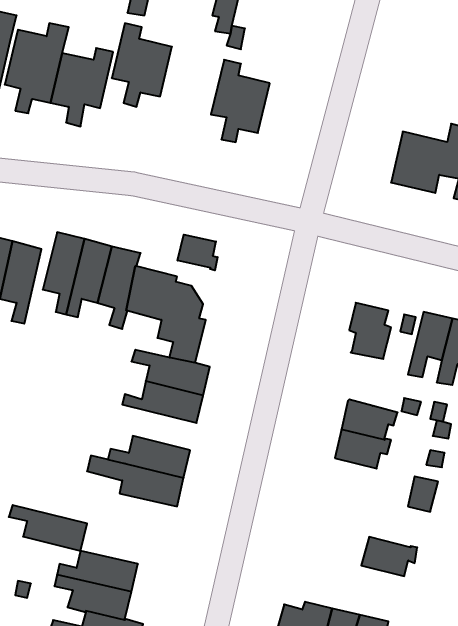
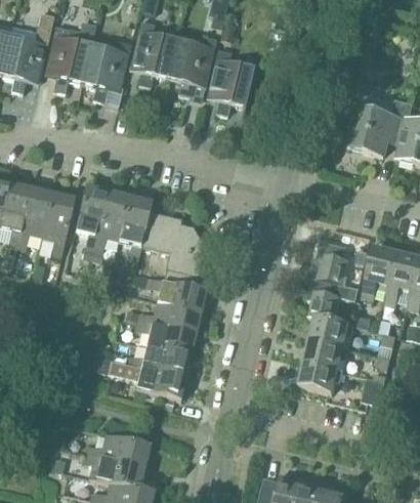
building: none -> [167,35,215,96]
building: [178,235,218,270] -> none
building: none -> [307,277,360,321]
building: [9,505,87,551] -> [134,320,196,355]
building: [361,537,417,576] -> [298,362,342,392]

